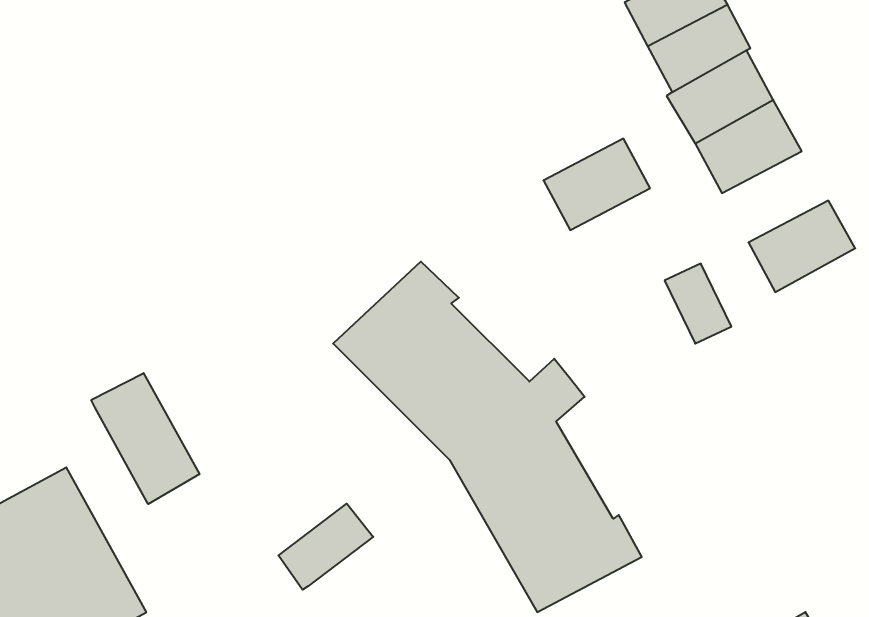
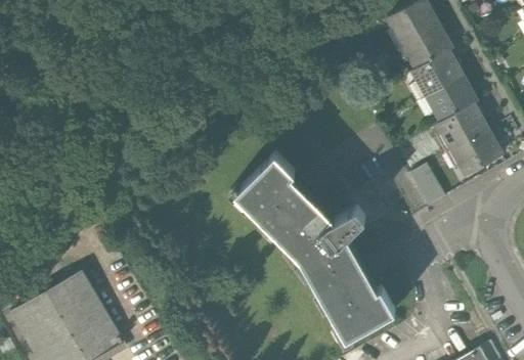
building: [543,139,650,230] -> [436,98,493,147]
building: [91,373,200,504] -> none
building: [278,504,373,590] -> none

